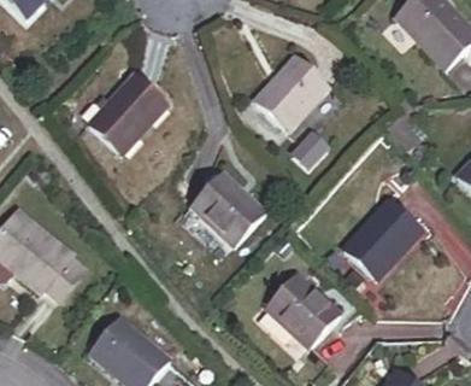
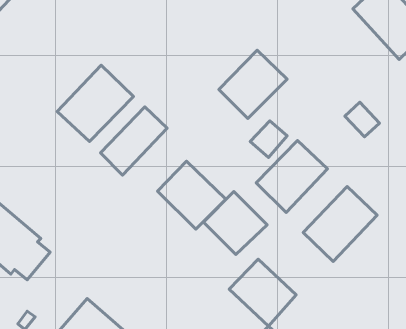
building: none -> [100,107,167,175]
building: none -> [256,141,328,213]
building: none -> [204,192,267,255]

